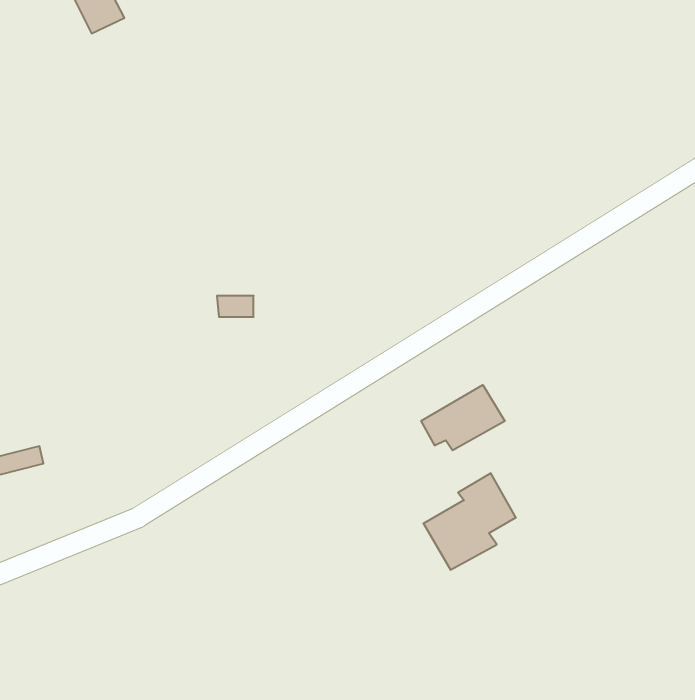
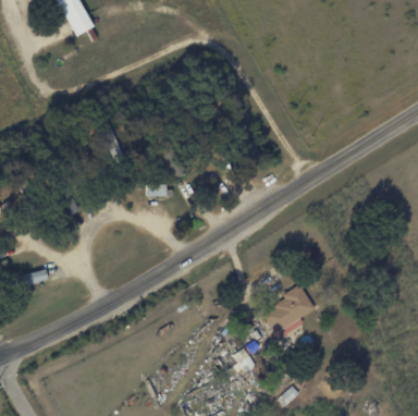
building: [421,385,505,450] -> none

